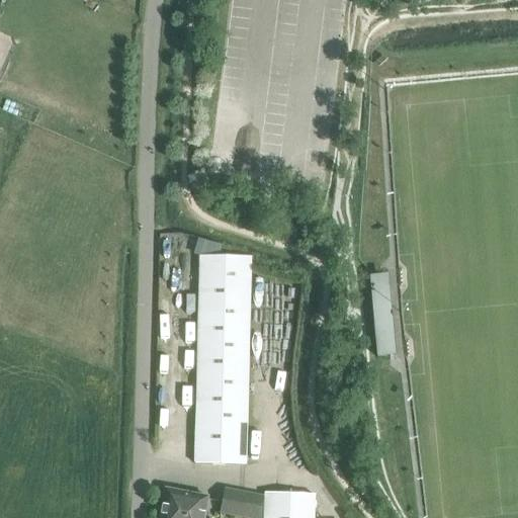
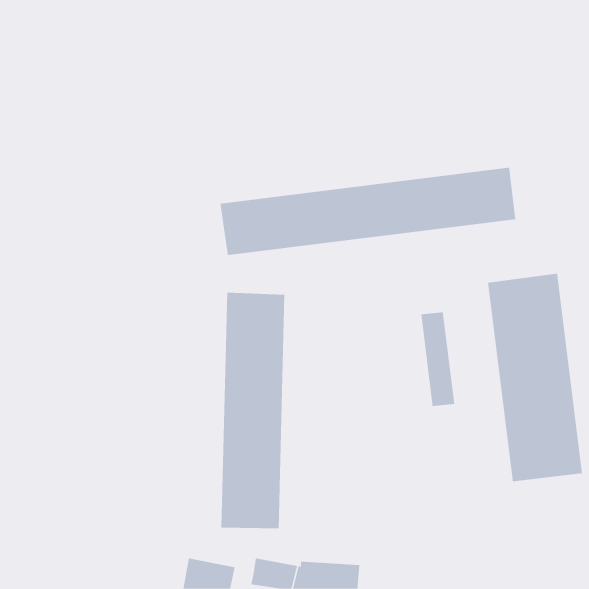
building: none -> [220,167,516,256]
building: none -> [487,273,583,482]

